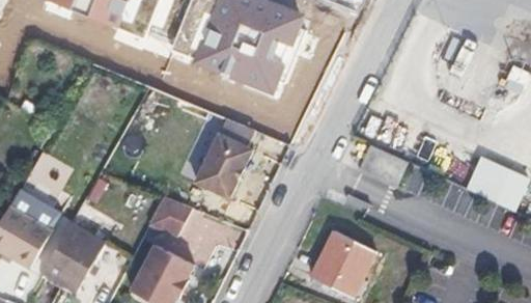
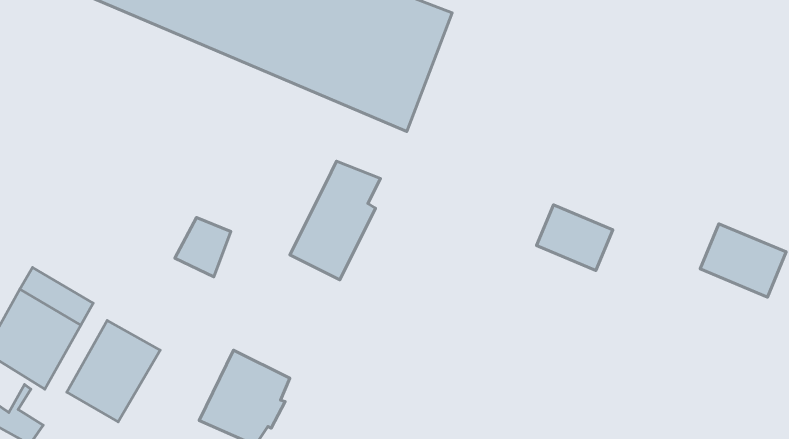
building: [156,195,193,235] -> [175,218,231,277]
building: [310,231,371,295] -> none

